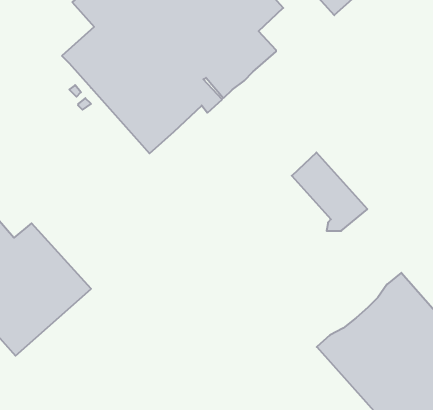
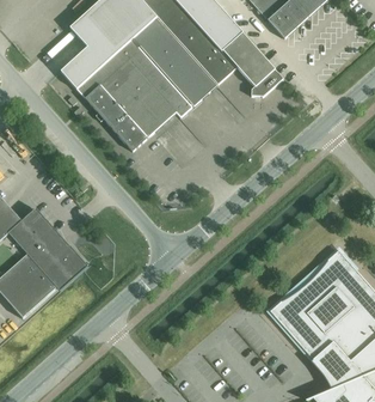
building: [292,152,367,231] -> [222,31,284,96]

